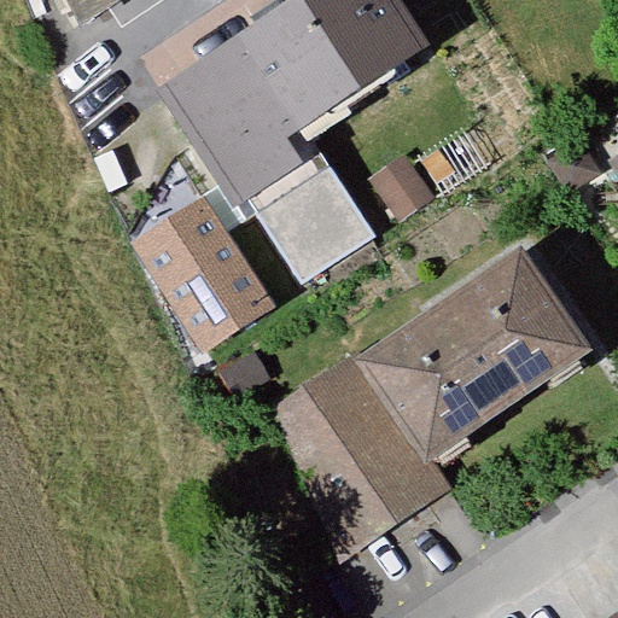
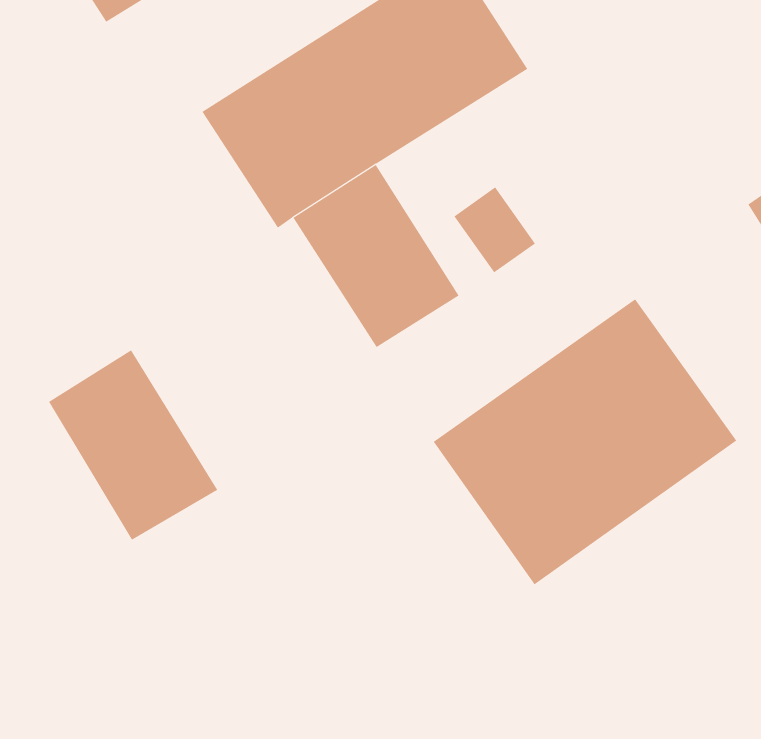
building: [135,202,273,356] -> [48,350,218,541]
building: [267,344,449,555] -> none

